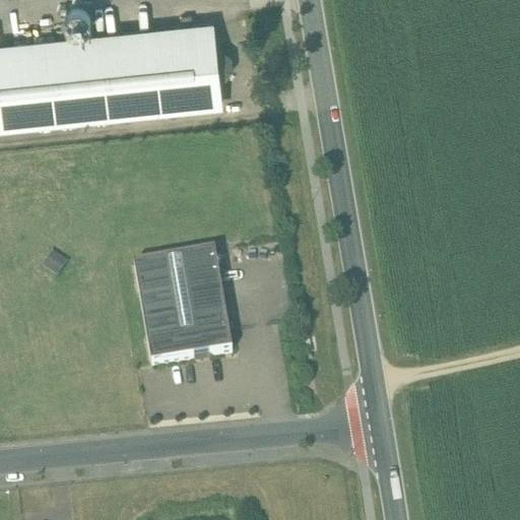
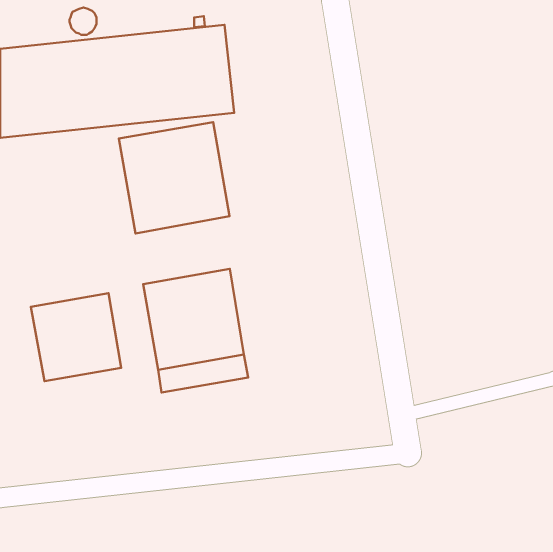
building: none -> [119,122,229,234]
building: none -> [31,293,121,381]

